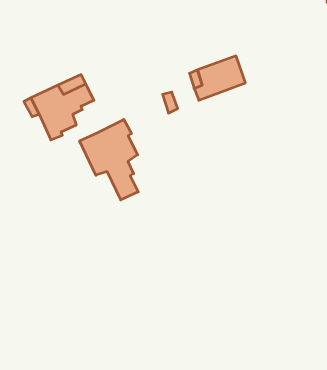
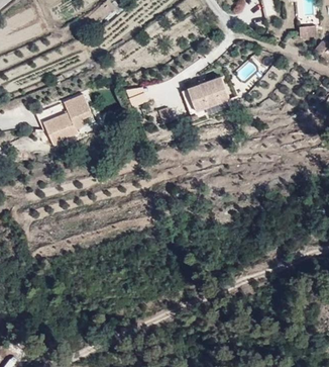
building: [80,119,138,200] -> none

